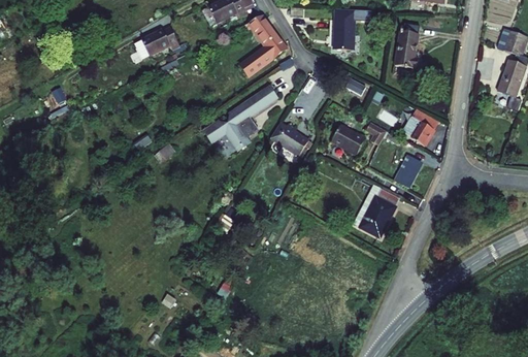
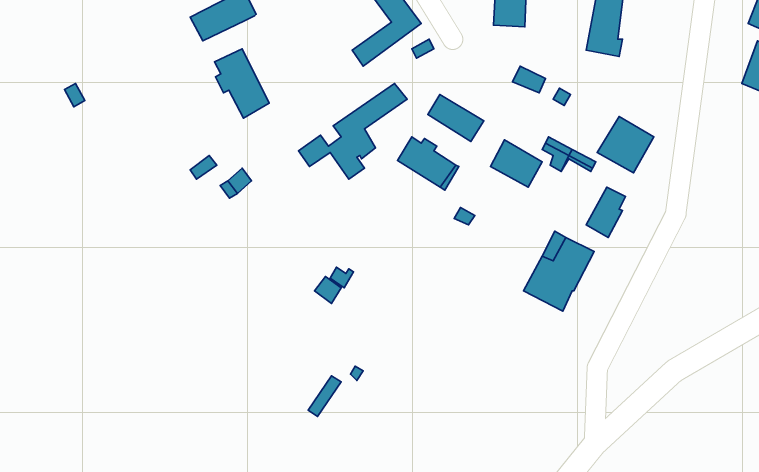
building: none -> [215,49,269,118]
building: none -> [428,94,484,141]

